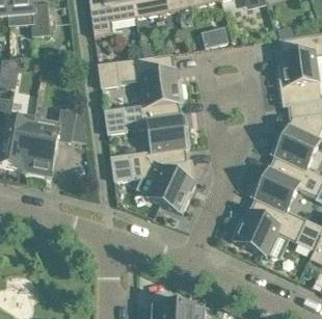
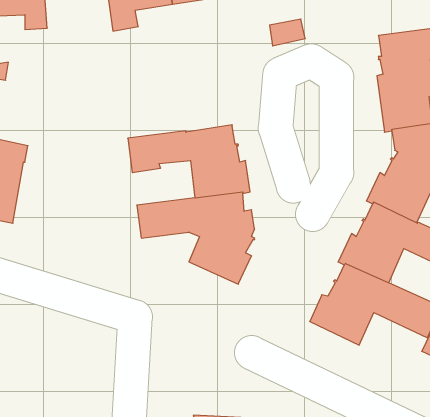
building: [99,53,183,105] -> none
building: [25,109,76,171] -> none

